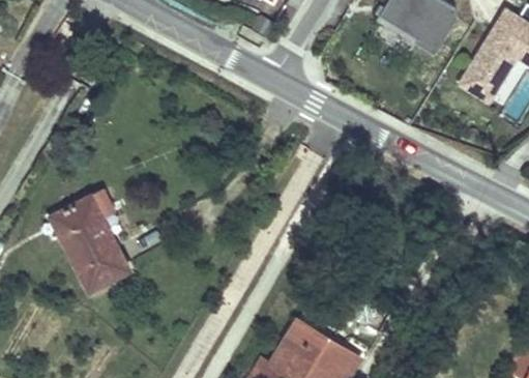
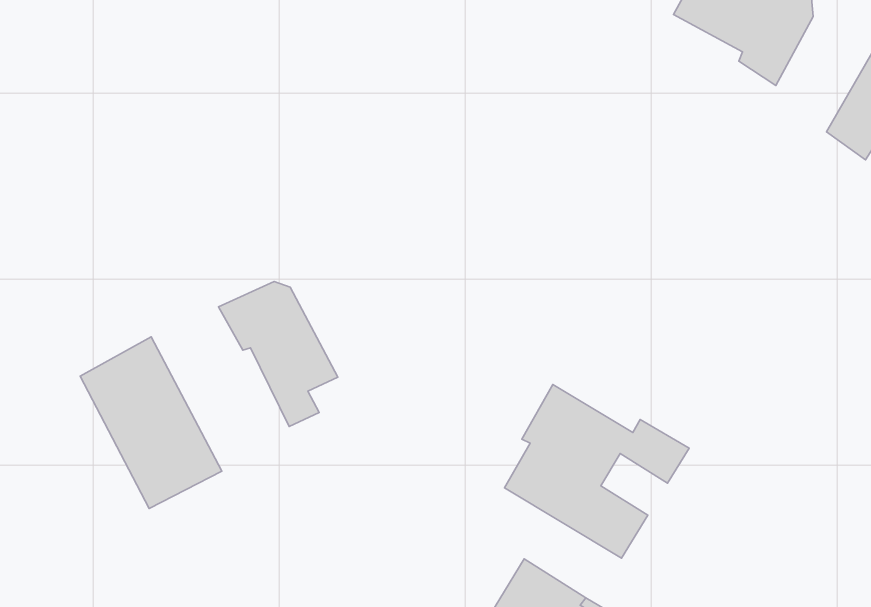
building: none -> [219,282,338,427]
building: none -> [505,384,689,558]

